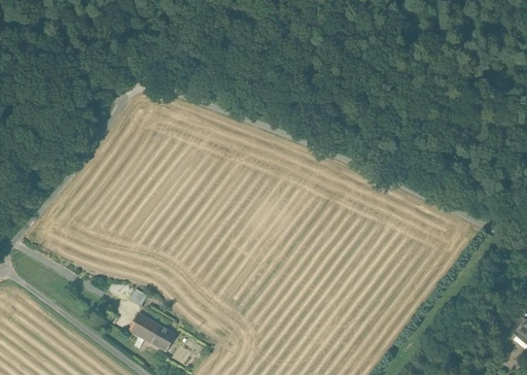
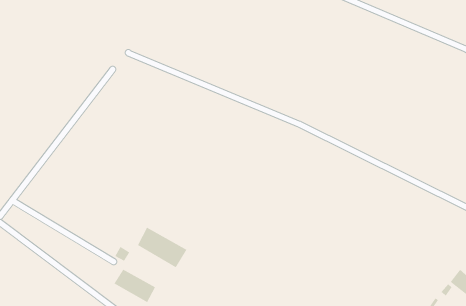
building: none -> [137,227,187,268]

